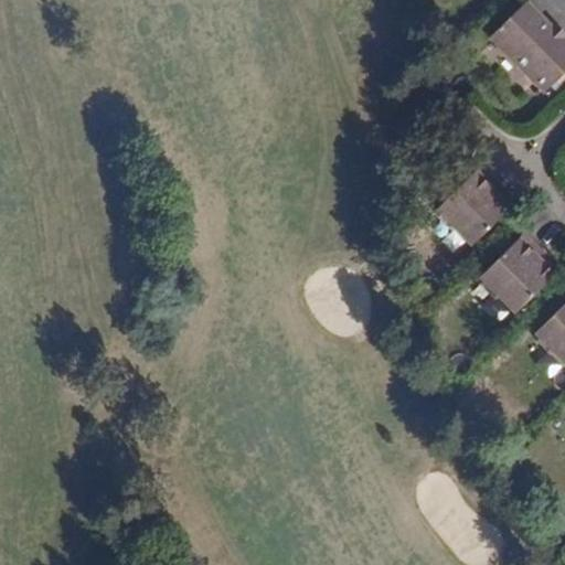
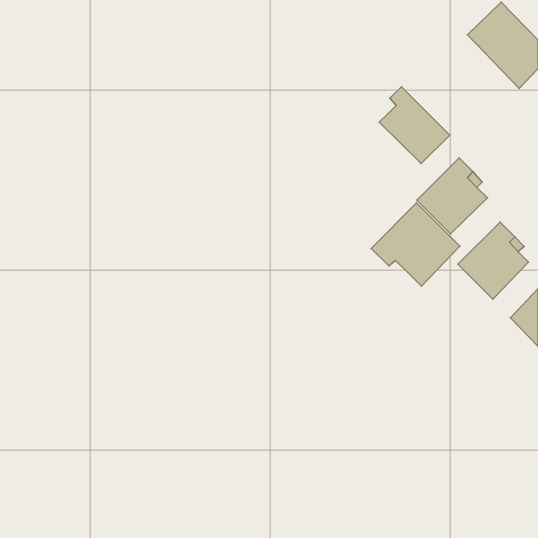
building: none -> [379,87,450,163]
building: none -> [371,203,460,286]

